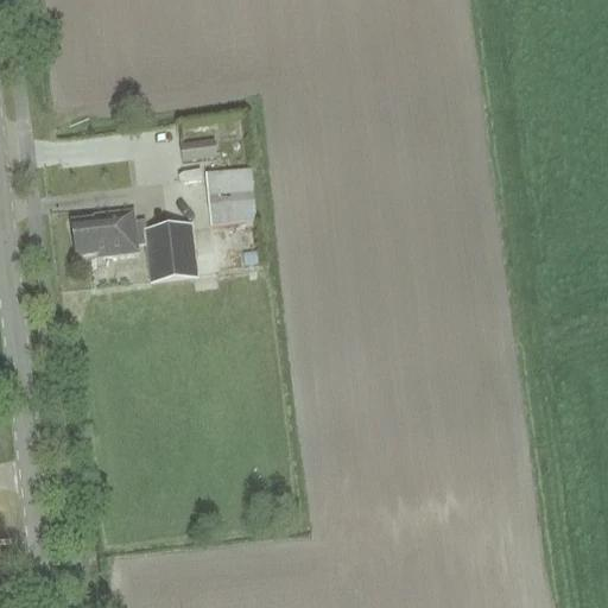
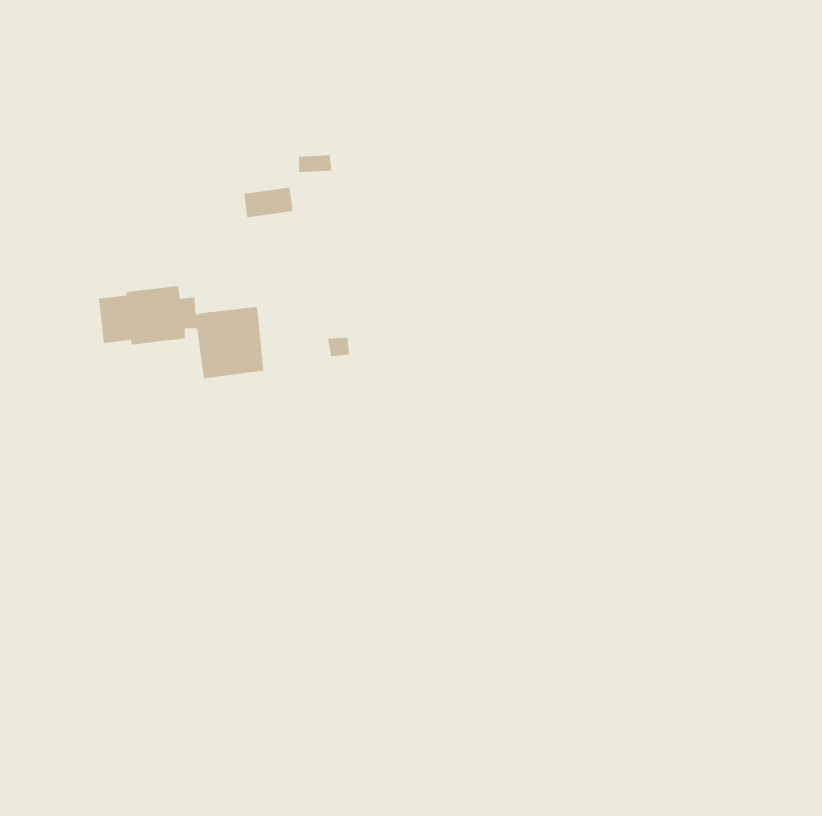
building: [204,166,255,224] -> none

